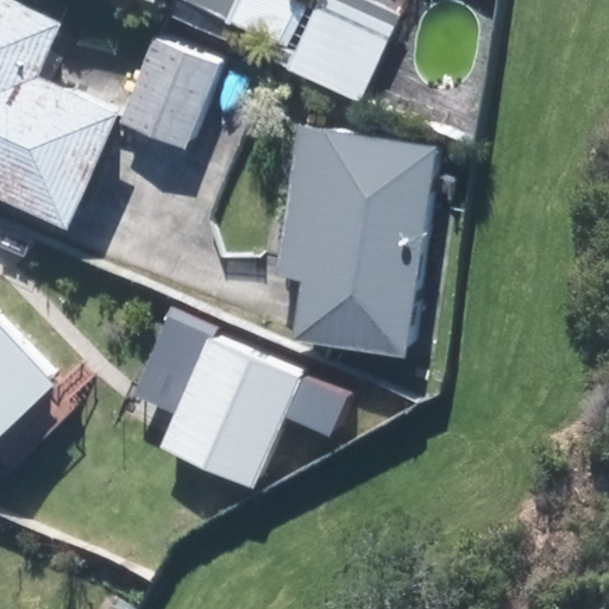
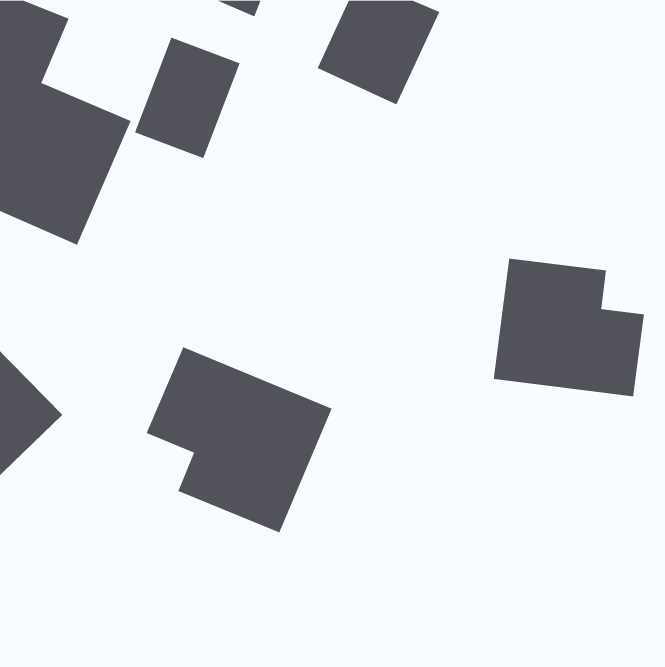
building: [275,126,437,356] -> none
building: none -> [493,258,644,397]

